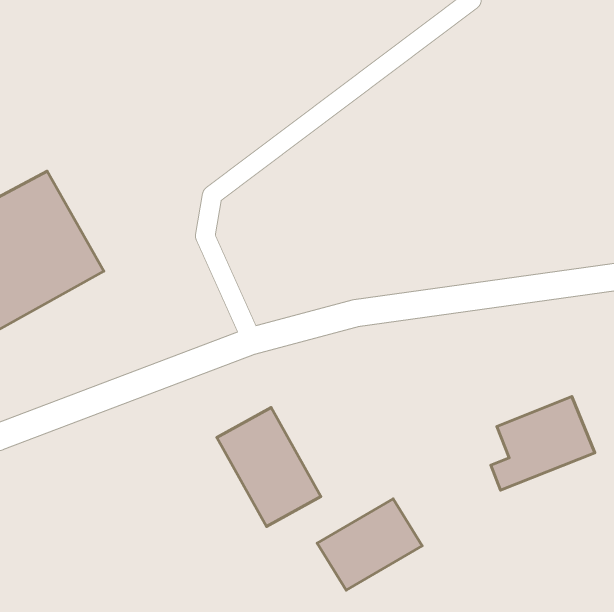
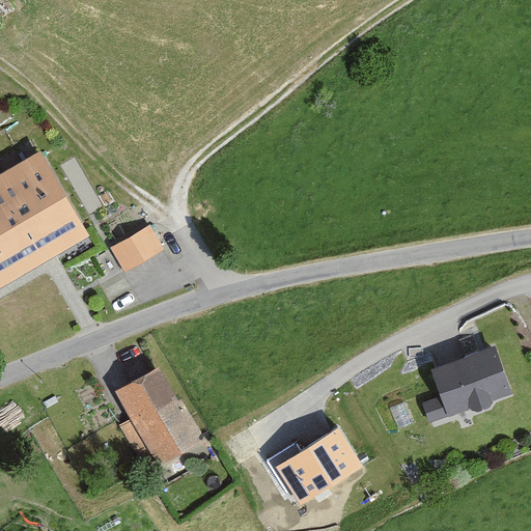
building: none -> [107,220,163,270]
building: [217,407,321,527] -> [113,364,202,467]

